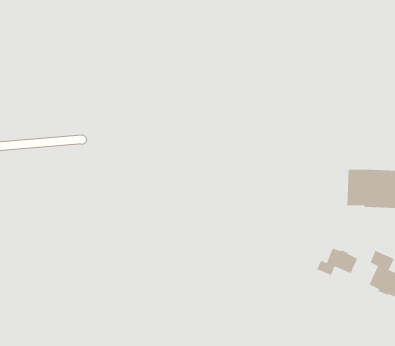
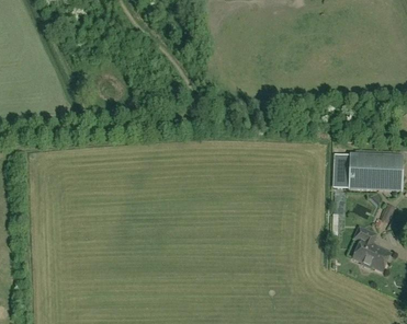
building: [316,248,358,276] -> none

